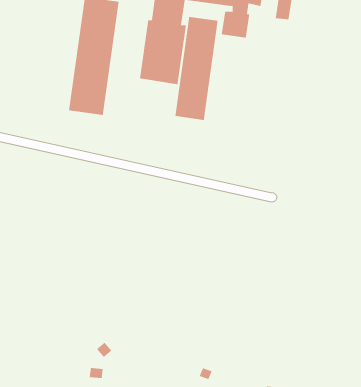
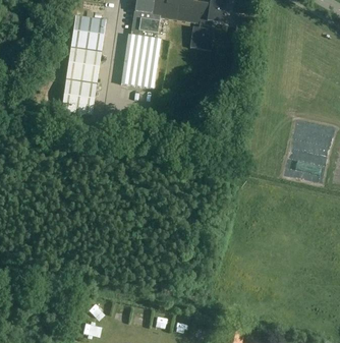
building: [175,16,218,121] -> none

